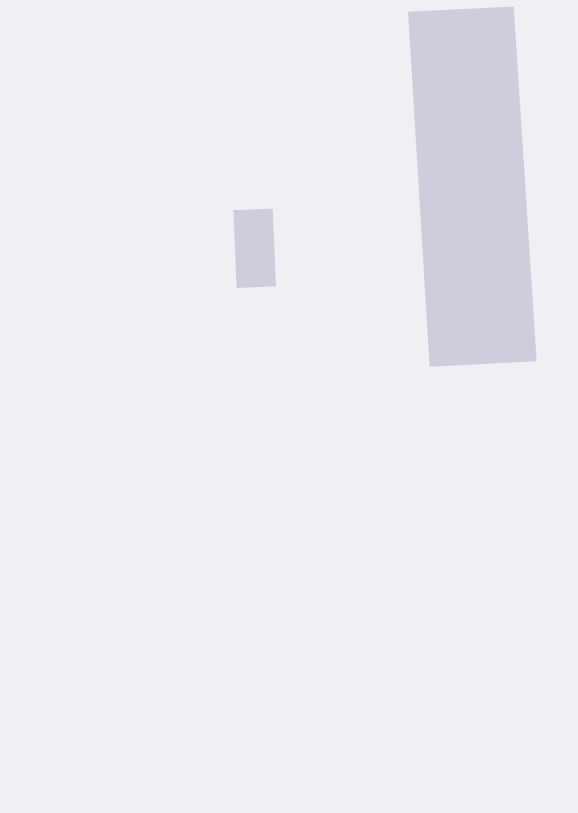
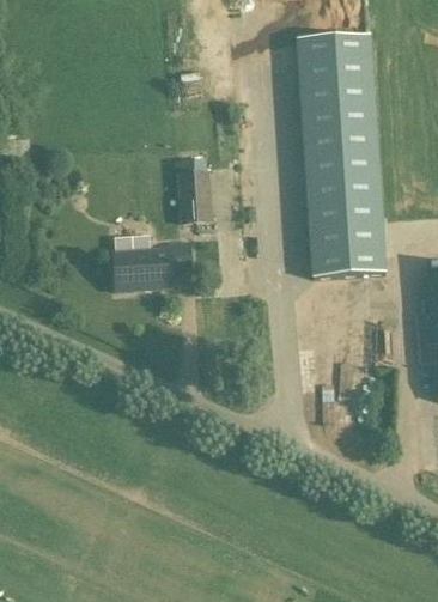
building: none -> [114,232,190,288]

